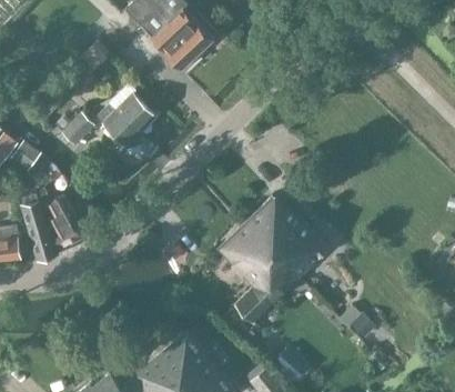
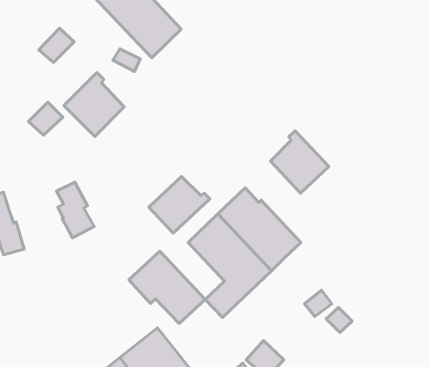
building: none -> [270,131,329,193]
building: none -> [149,177,210,233]
building: [44,197,81,251] -> [57,182,94,238]
building: none -> [129,251,205,323]

